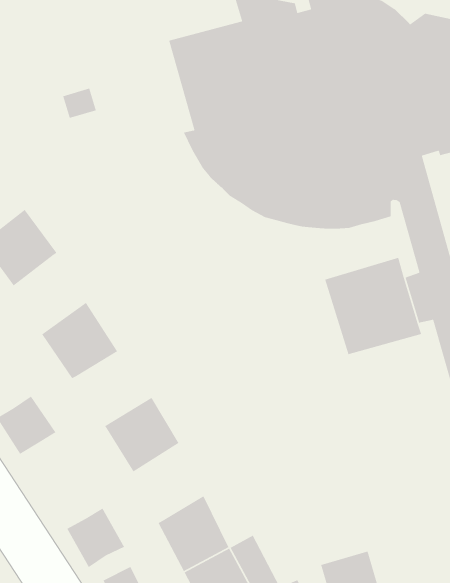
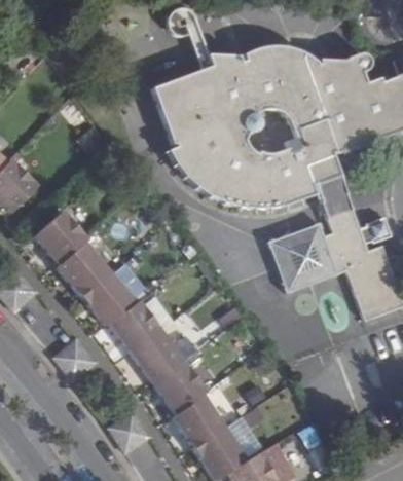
building: none -> [58,243,110,297]
building: none -> [108,302,160,356]
building: none -> [152,363,205,416]

